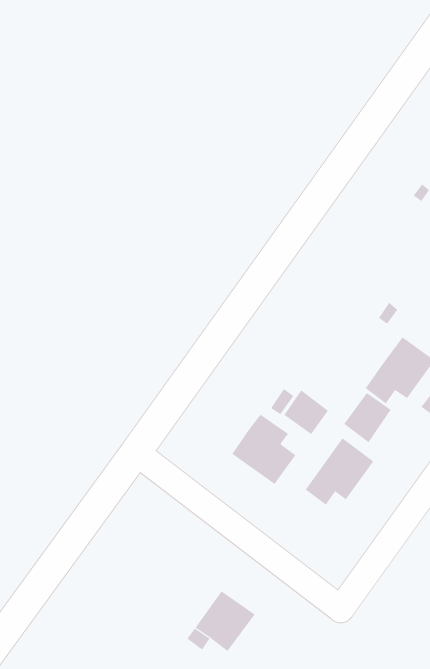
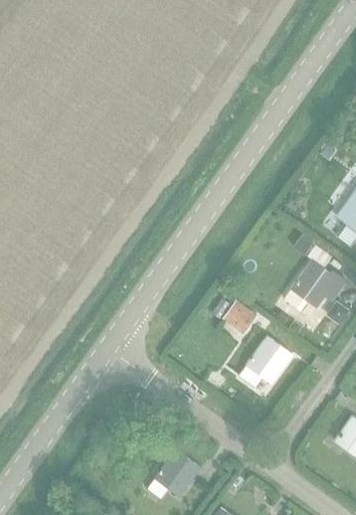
building: [344,392,391,443] -> none
building: [232,414,296,485] -> none

